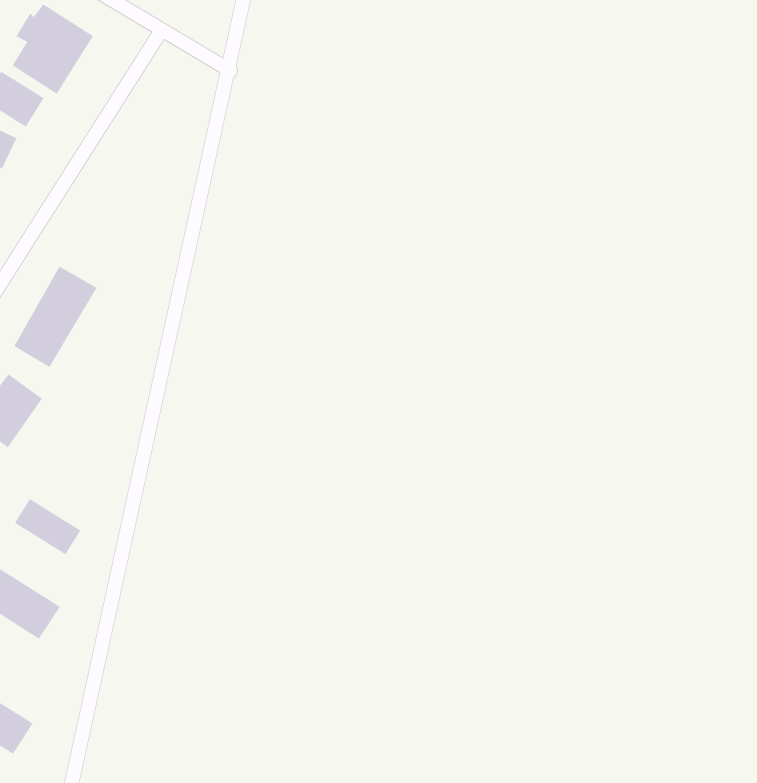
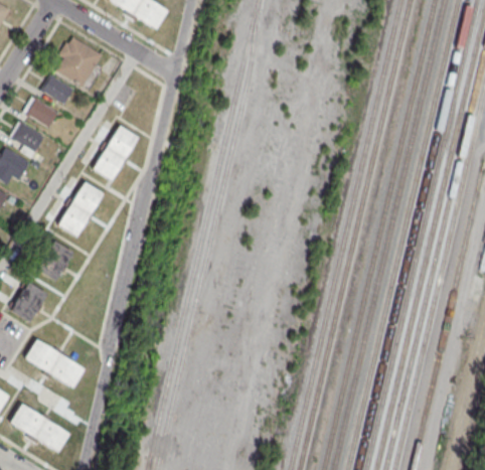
building: none -> [92,125,139,181]
building: [14,498,81,555] -> none

